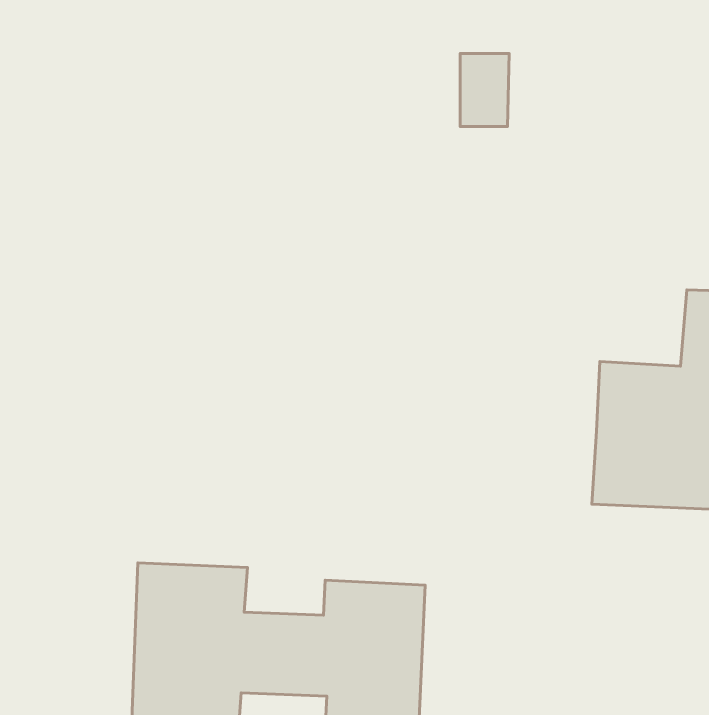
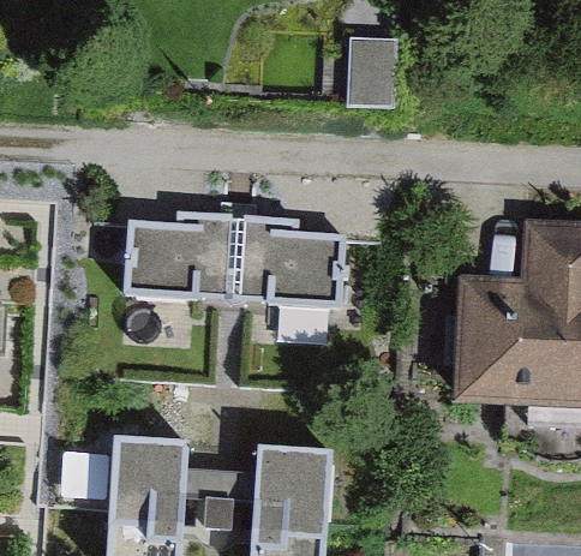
building: none -> [128,216,349,313]

